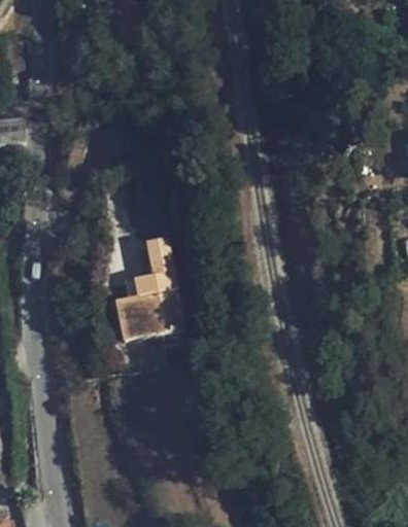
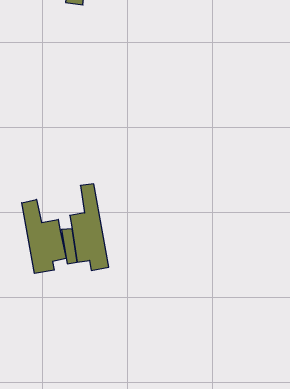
building: none -> [22,199,66,273]

